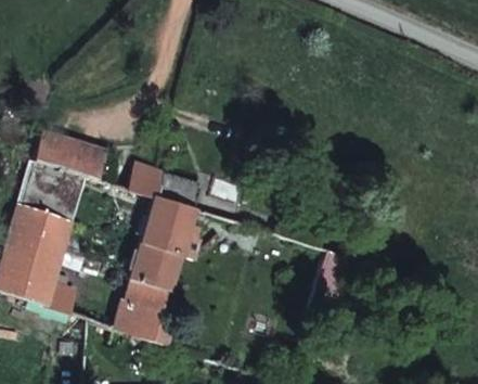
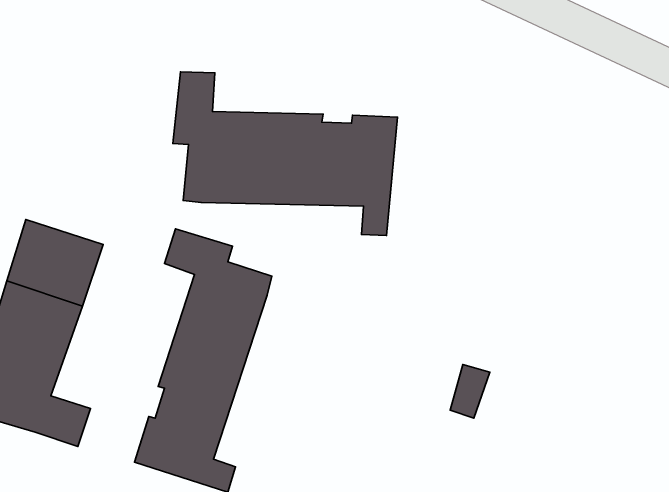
building: none -> [173,72,398,235]
building: [34,128,109,179] -> none

